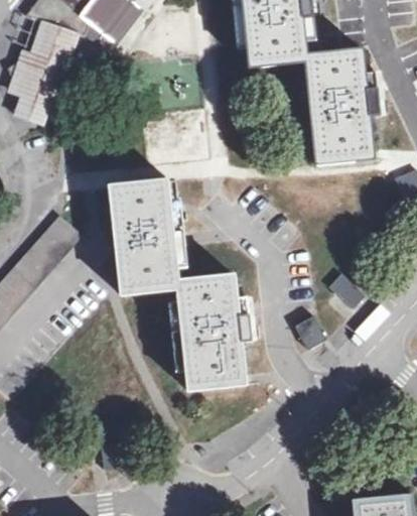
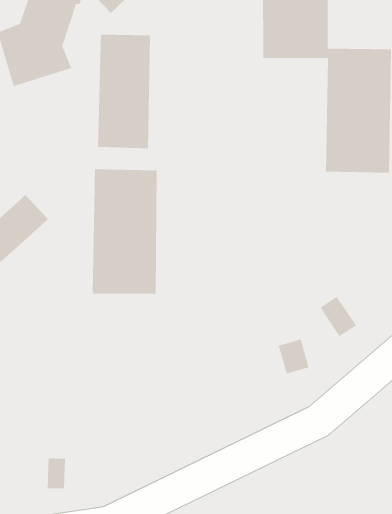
building: none -> [97,34,151,149]
building: [177,275,245,392] -> none

